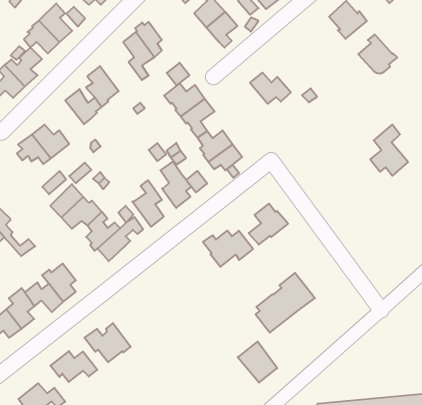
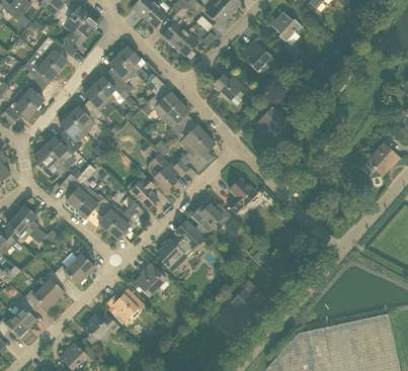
building: [358,34,397,73] -> [242,41,273,72]
building: none -> [92,77,128,104]
building: none -> [59,116,85,151]
building: [370,125,408,176] -> [256,93,287,133]
building: [256,273,315,333] -> [158,221,203,271]
building: none -> [134,264,165,295]

